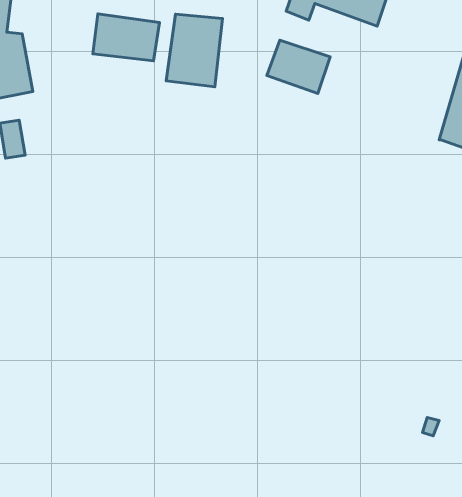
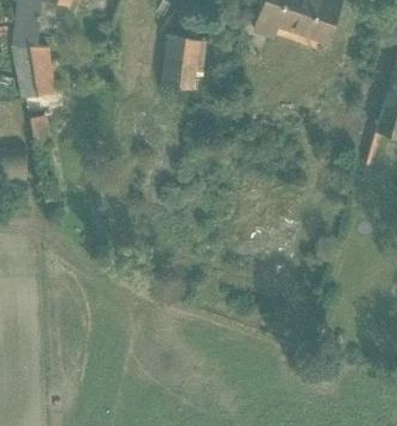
building: [93,14,160,61] -> none
building: [267,40,330,94] -> none

